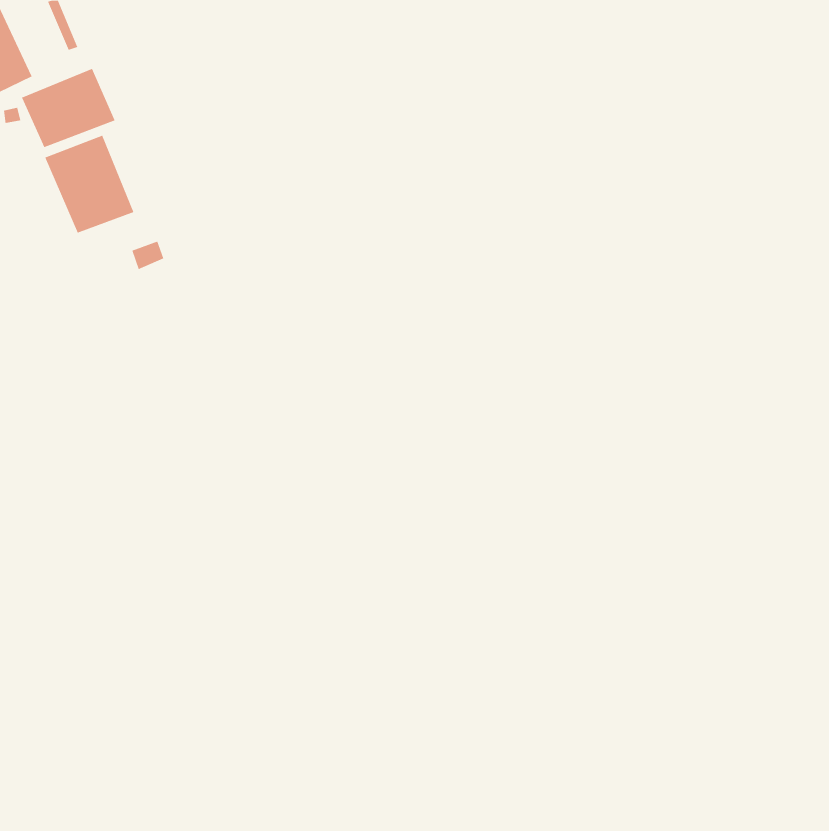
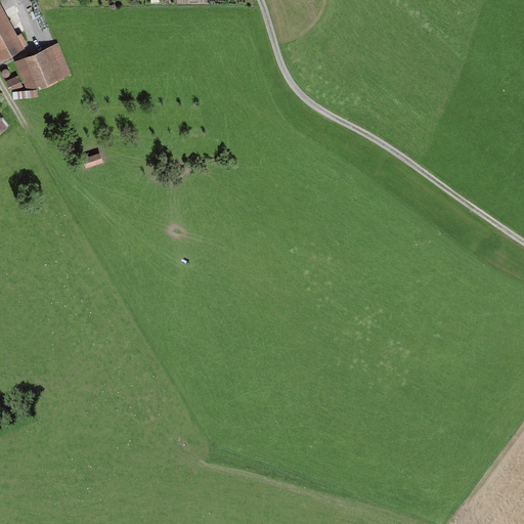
building: [45,135,134,233] -> none

